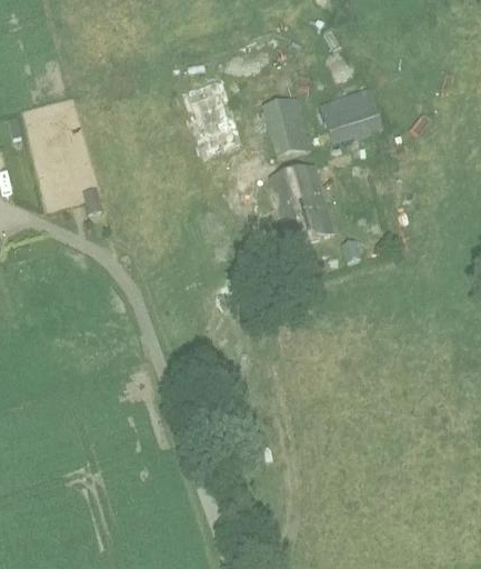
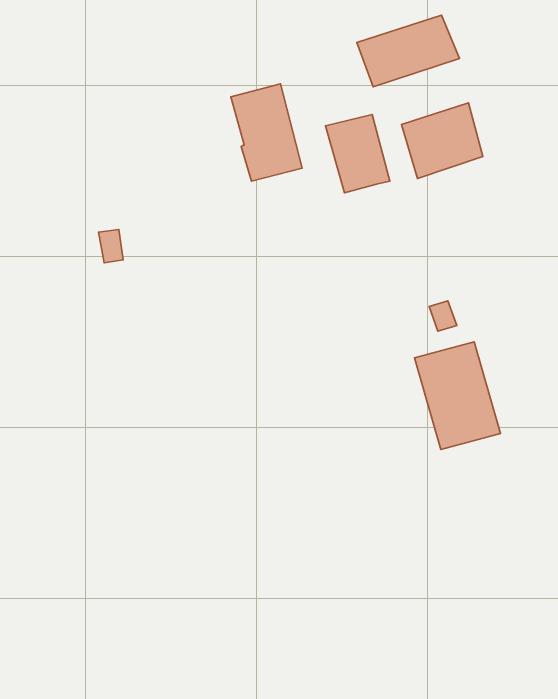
building: none -> [357,15,459,87]
building: [268,162,333,244] -> [415,342,500,449]

